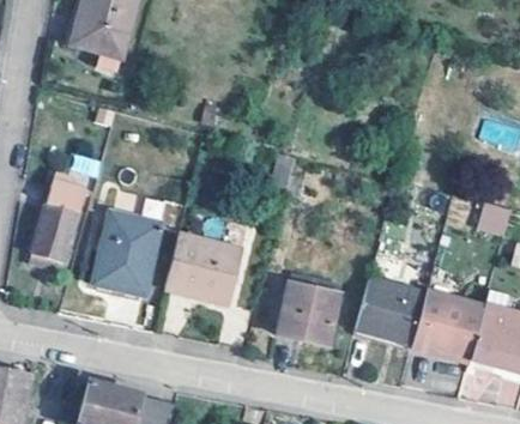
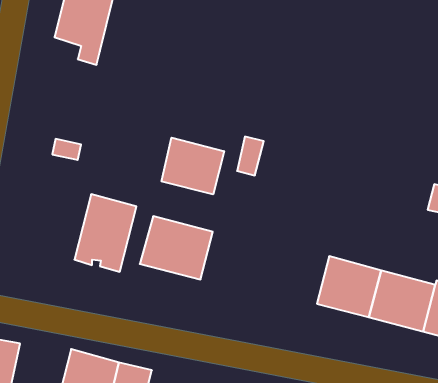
building: none -> [162,138,224,194]
building: [30,180,85,268] -> none
building: [279,283,340,344] -> none

